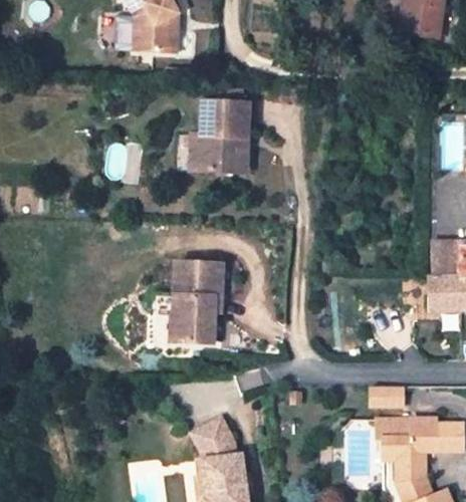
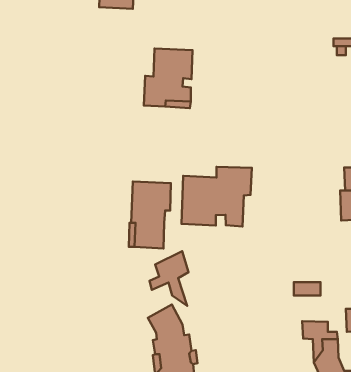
building: none -> [182,167,252,227]
building: none -> [150,251,189,306]
building: [377,415,436,448] -> none

